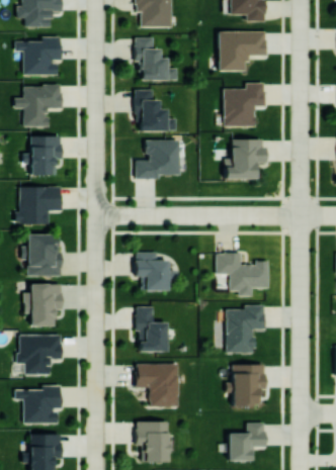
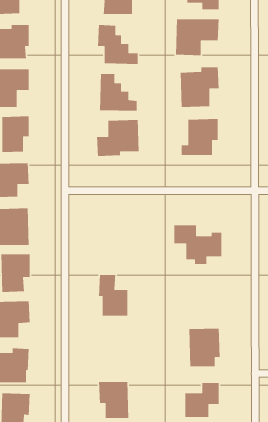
building: [136,252,169,290] -> none
building: [227,305,265,354] -> none
building: [137,364,179,407] -> none

